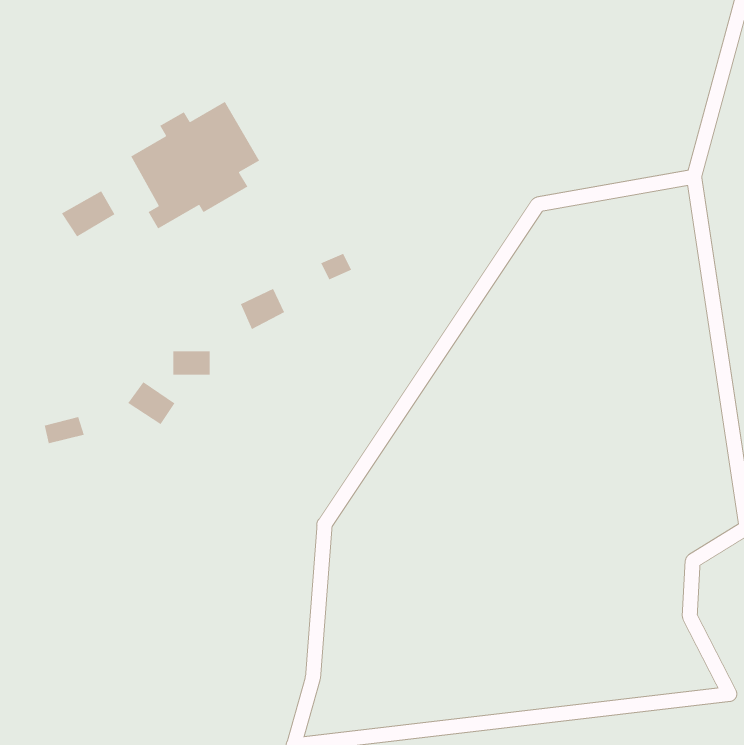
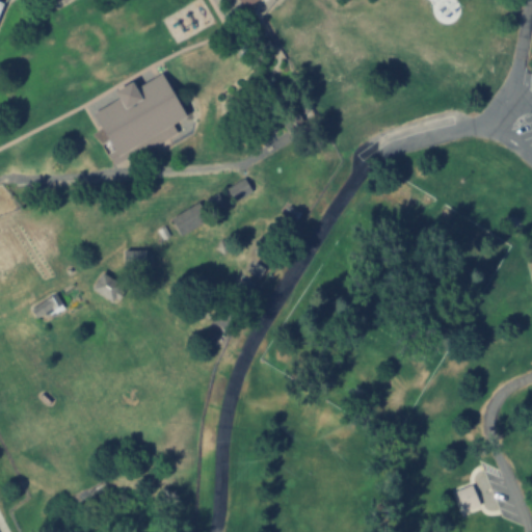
building: [61,190,116,238] -> none
building: none -> [455,484,480,510]

